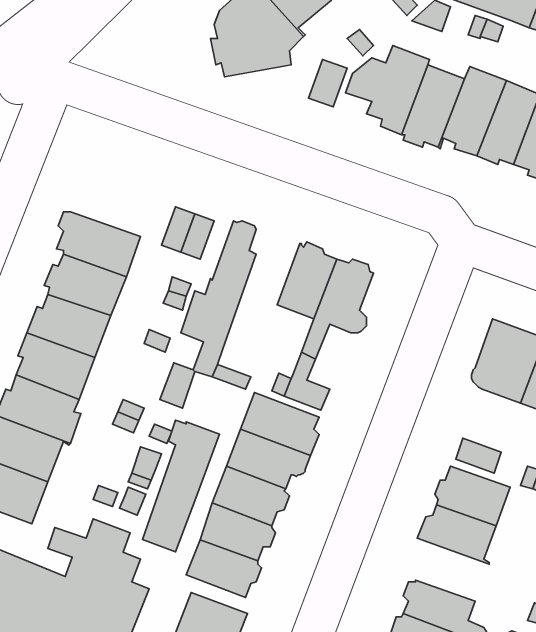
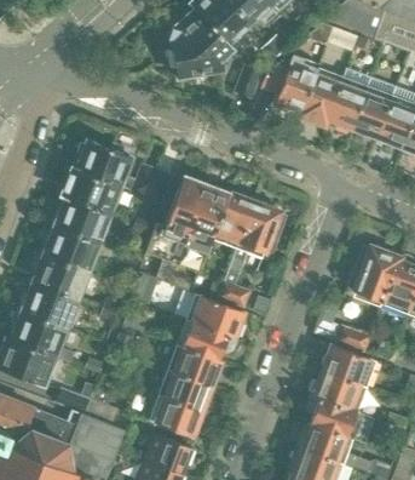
building: none -> [70,139,131,187]
building: [142,420,219,552] -> [175,182,229,273]
building: none -> [307,395,367,444]

